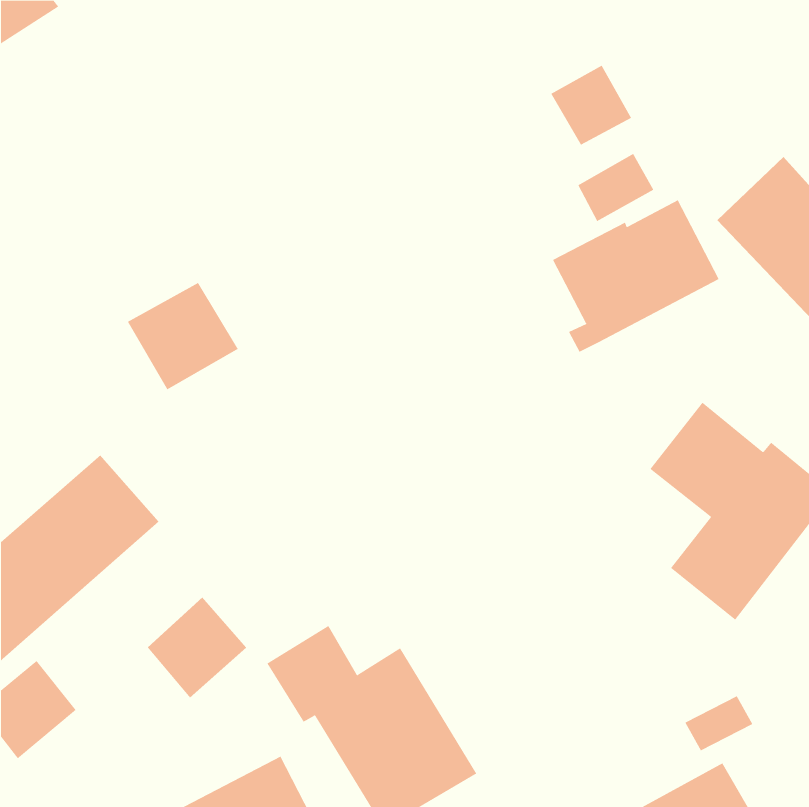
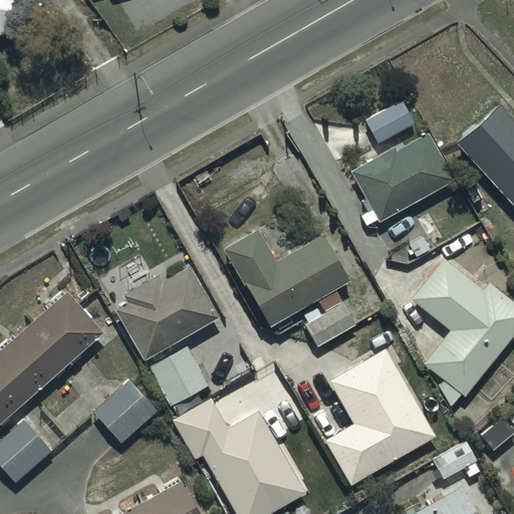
building: [551,65,632,145] -> none
building: [127,282,239,390] -> none
building: none -> [224,228,358,348]
building: none -> [113,264,220,407]
building: none -> [323,347,436,486]

